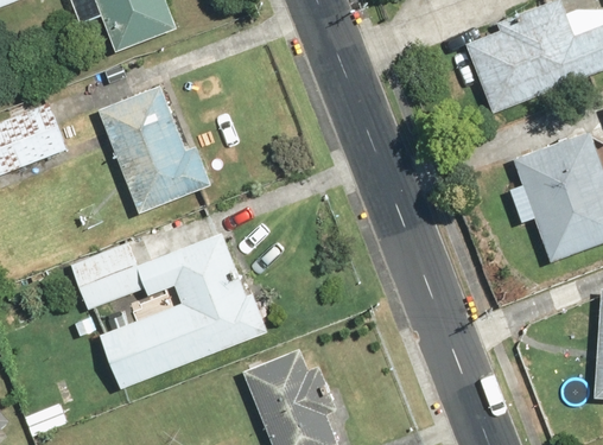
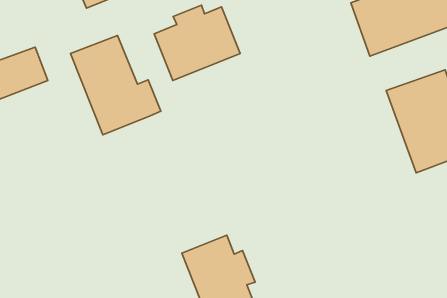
building: none -> [154,5,240,80]
building: [70,228,266,387] -> none

